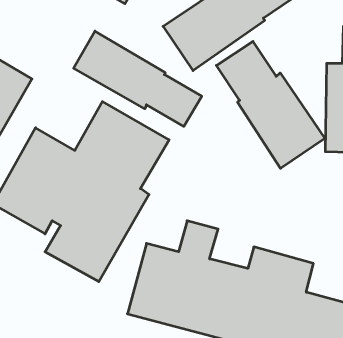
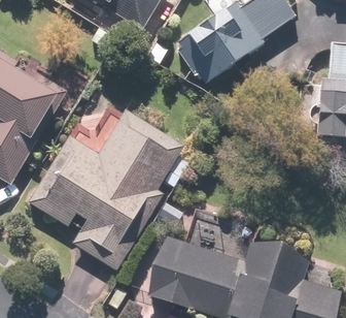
building: [74,31,202,126] -> none
building: [216,41,325,168] -> none

